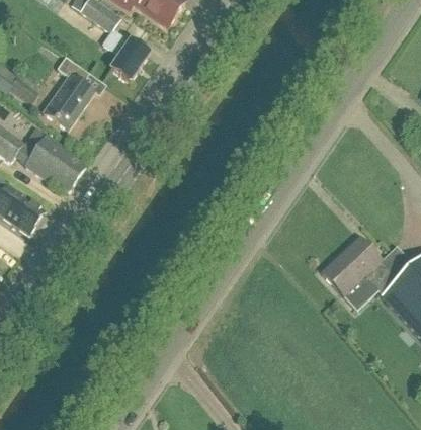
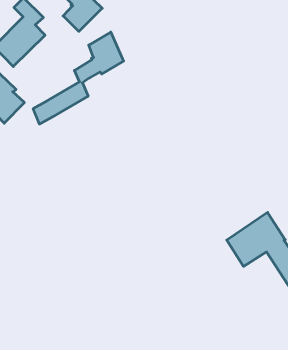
building: none -> [33,32,124,124]

